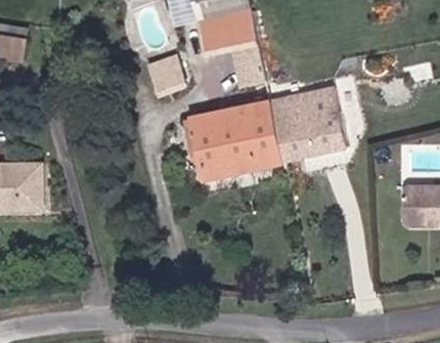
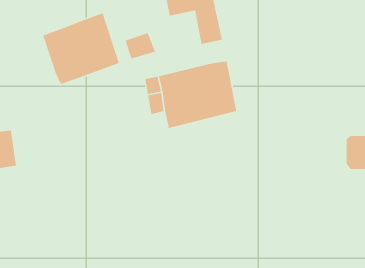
building: none -> [42,12,120,85]
building: [269,82,357,157] -> none

